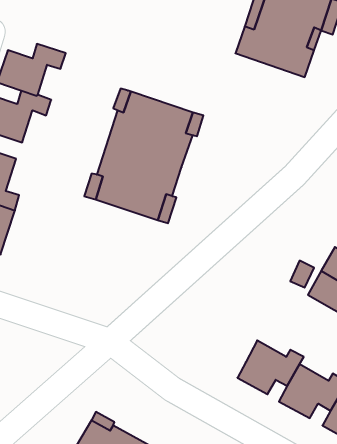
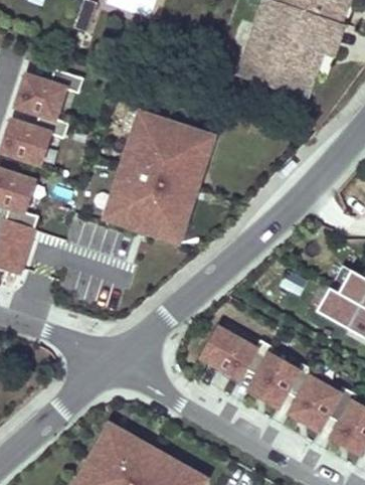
building: none -> [201,331,271,381]

